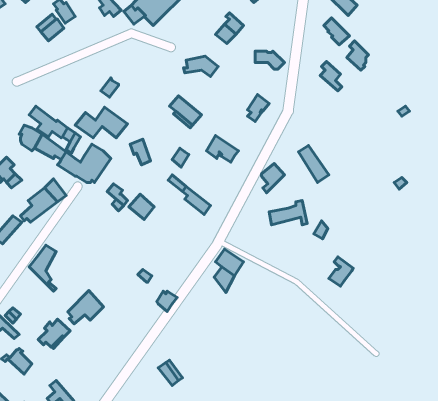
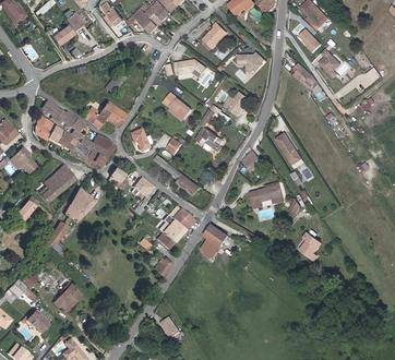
building: none -> [63,188,96,219]
building: none -> [156,207,194,251]
building: [68,290,103,324] -> none

